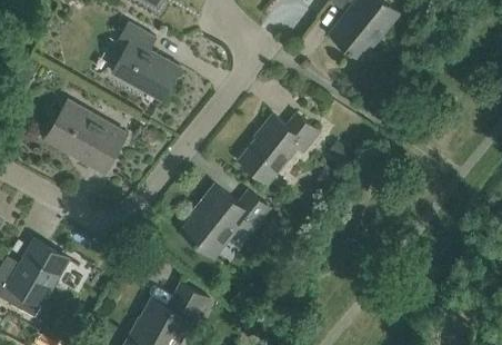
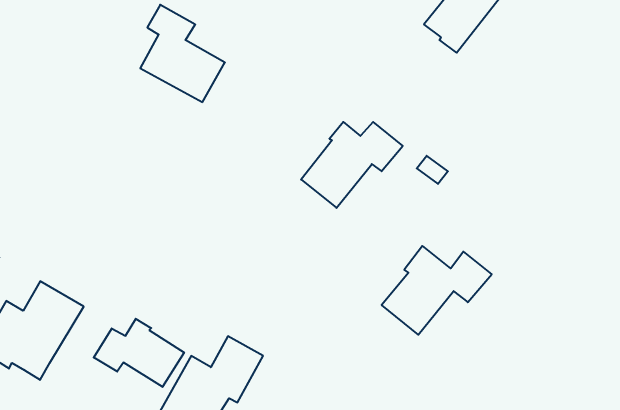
building: [47,100,126,172] -> none
building: [182,186,269,256] -> [382,246,492,335]
building: none -> [94,319,184,387]

